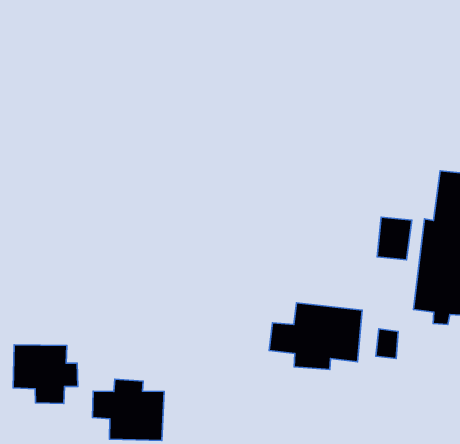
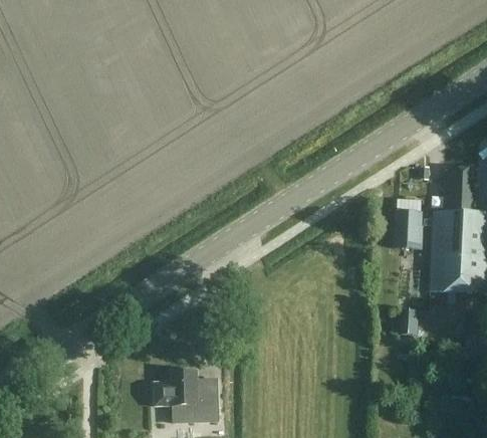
building: [269,303,362,369] -> none
building: [13,345,78,403] -> none

